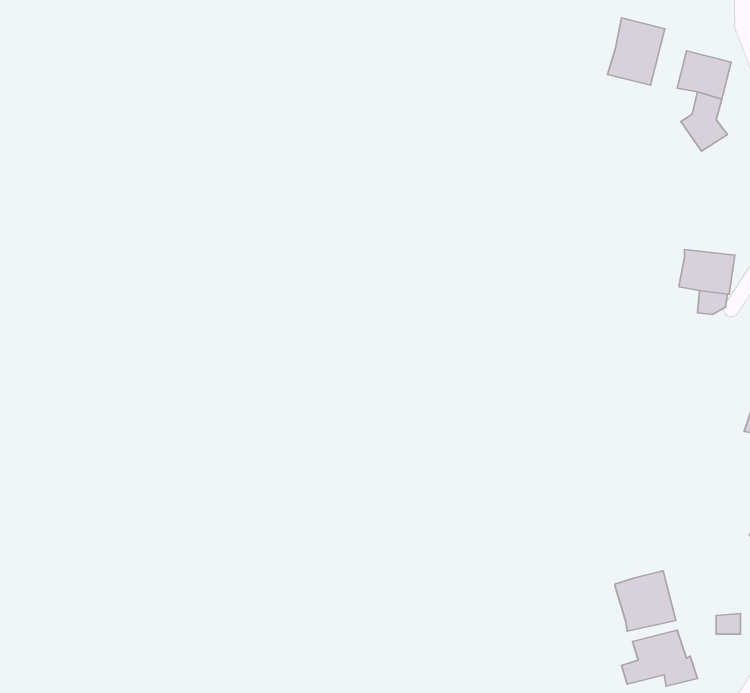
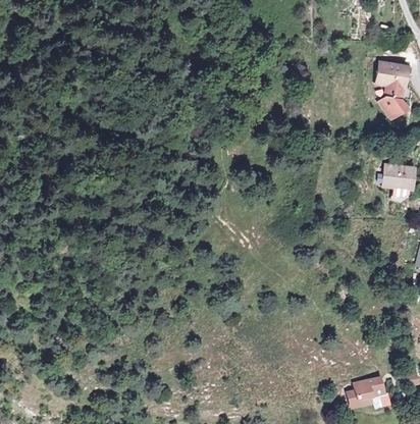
building: [607,18,665,85] -> none
building: [615,571,676,631] -> none

